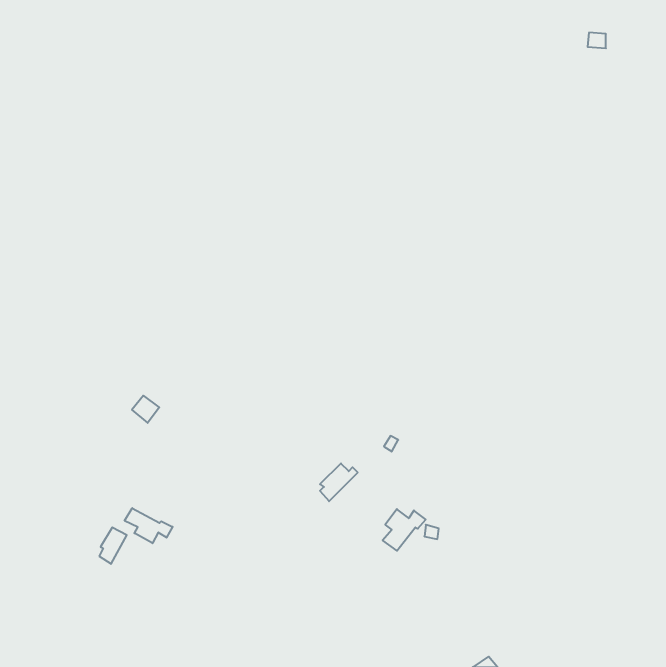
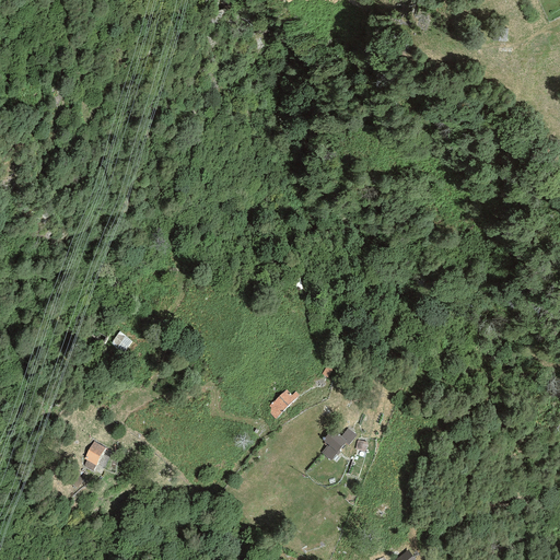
building: [125,508,173,543] -> none

